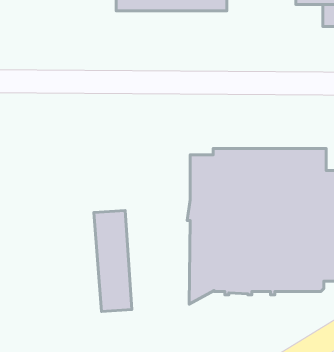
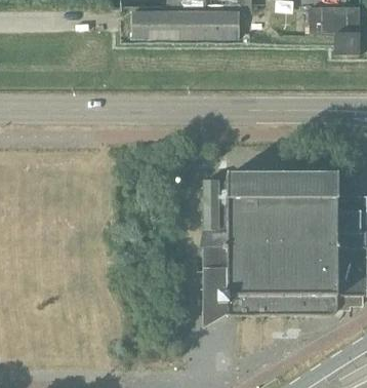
building: [94,210,132,311] -> none

